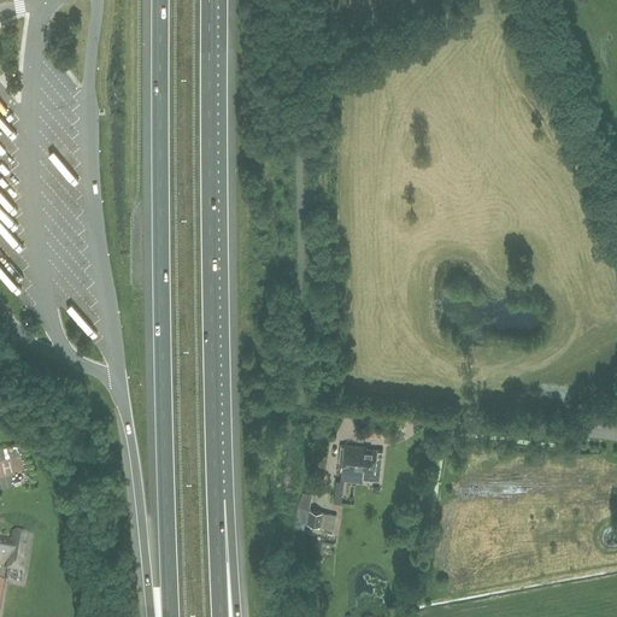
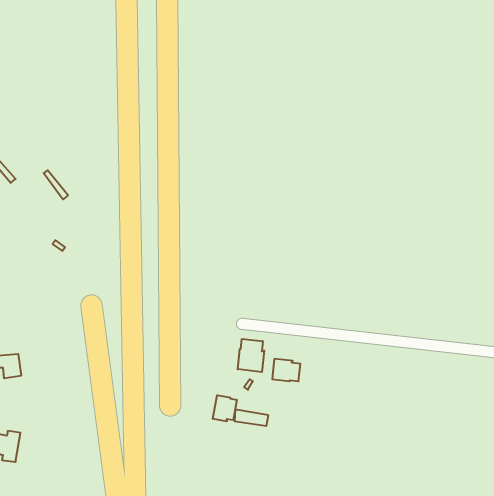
building: none -> [238,339,264,372]
building: none -> [213,395,237,421]

